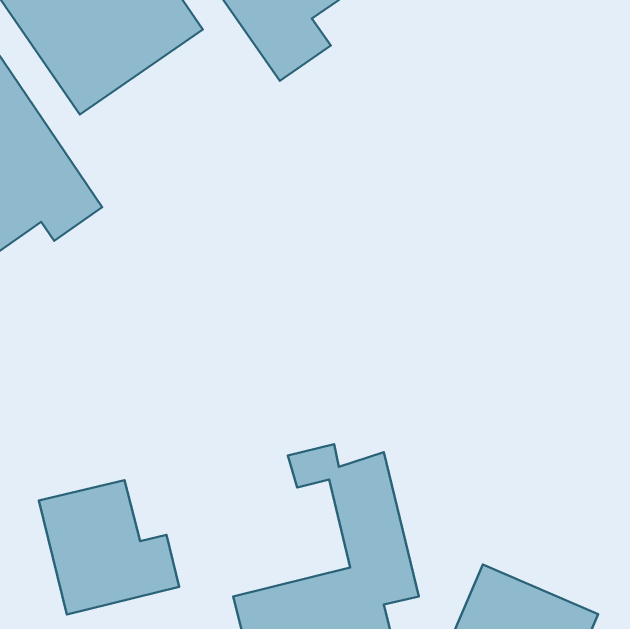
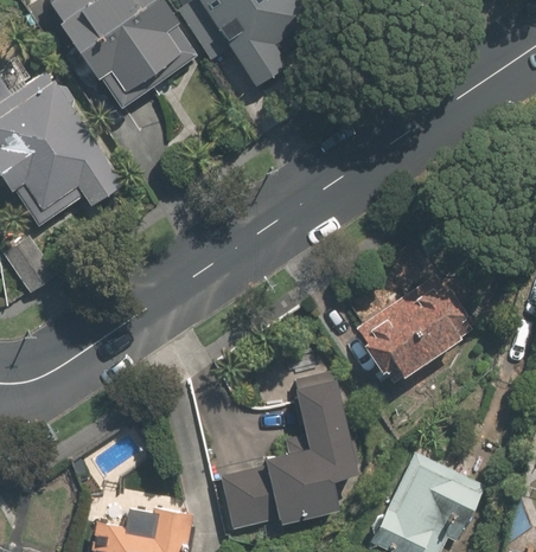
building: none -> [344,281,470,392]
building: [39,480,179,615] -> none

